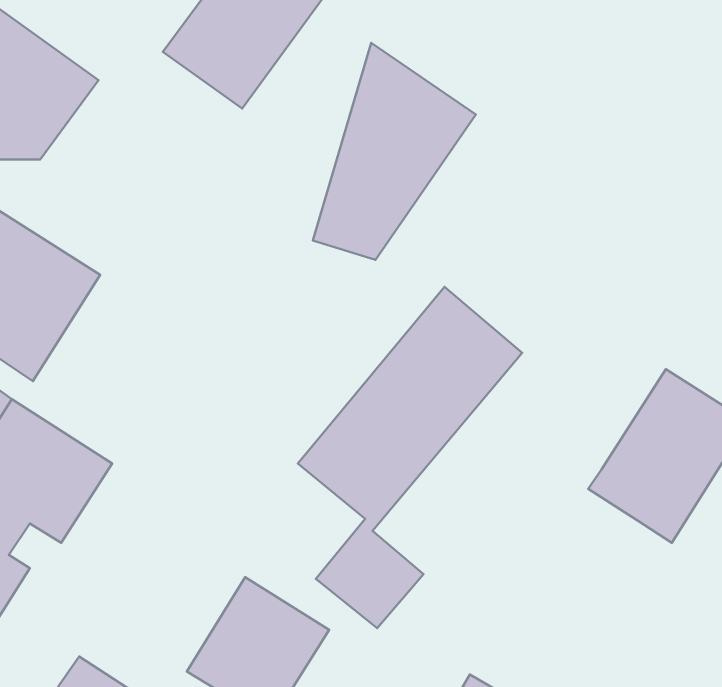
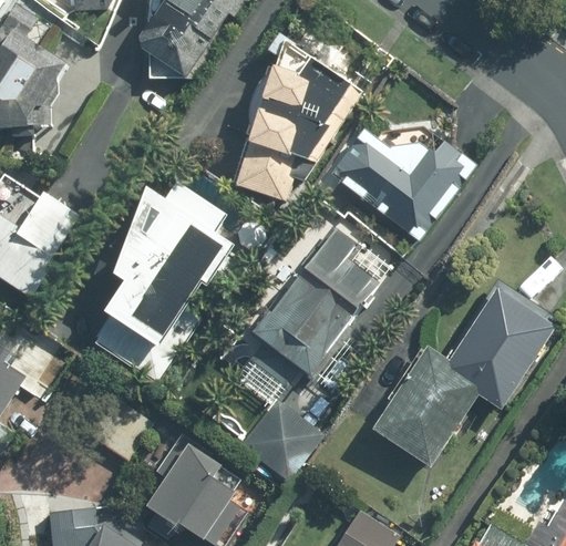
building: none -> [330,140,476,245]
building: none -> [89,188,228,385]
building: none -> [368,341,475,468]

